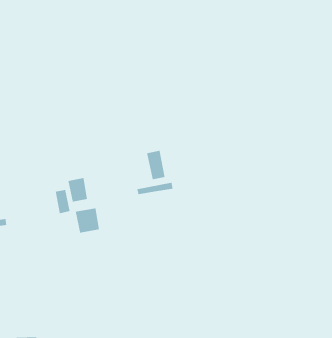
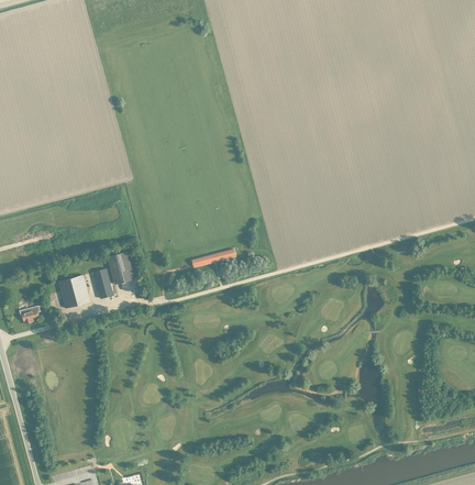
building: [146,150,166,180] -> none
building: [75,208,100,233] -> [57,275,89,308]

